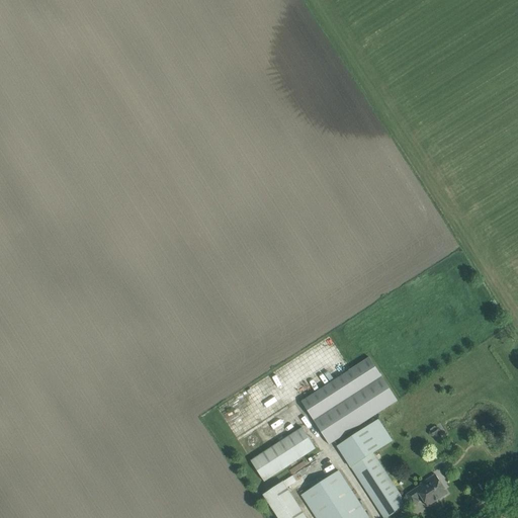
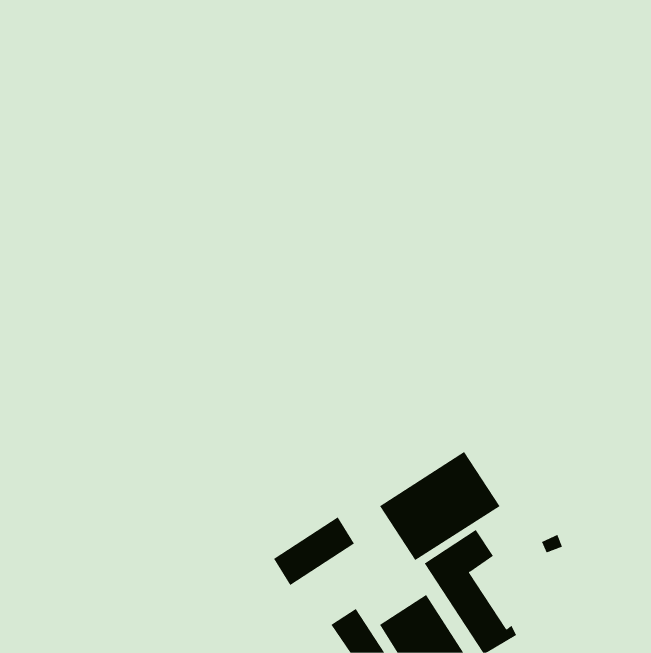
building: [250,427,315,482] -> [273,517,355,586]
building: [406,479,447,507] -> none

